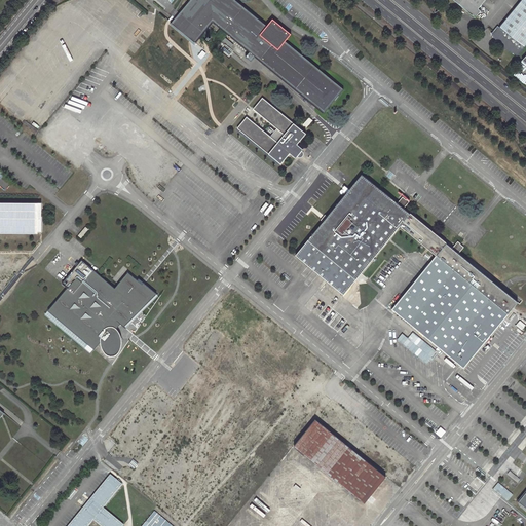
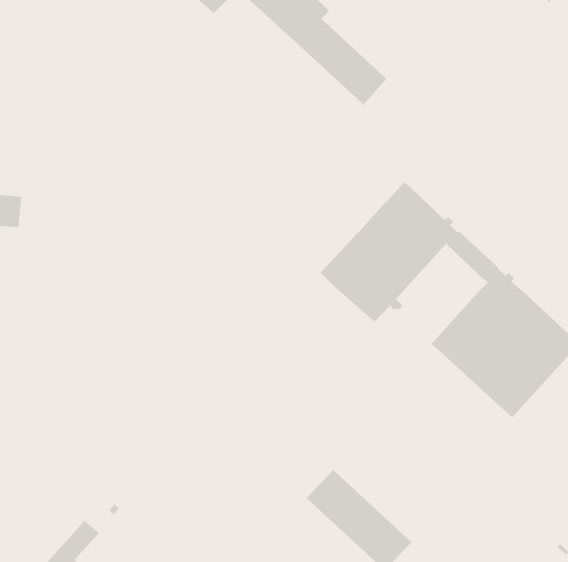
building: [236,98,306,164] -> none
building: [45,260,156,355] -> none

